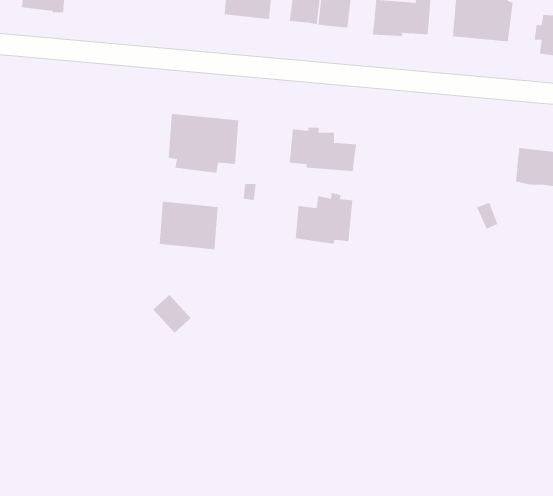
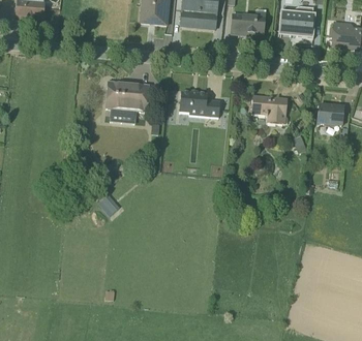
building: none -> [251,95,288,124]
building: [295,192,353,244] -> none
building: [159,201,218,250] -> none

